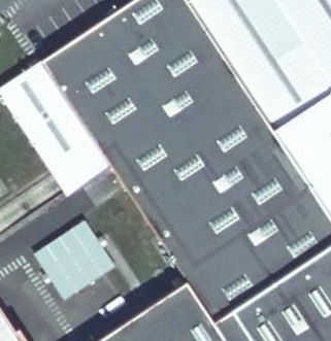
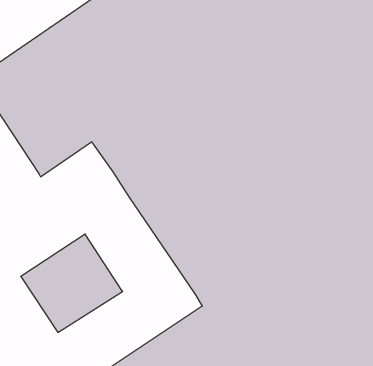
building: [52,142,111,196] -> none

